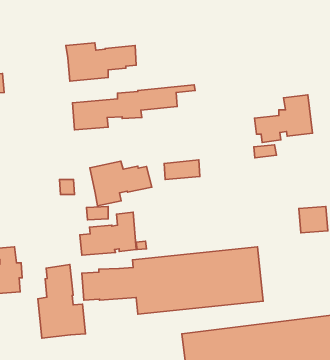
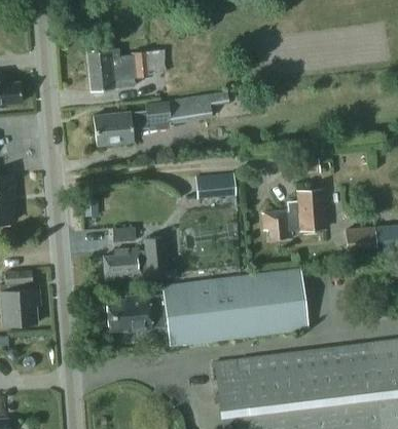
building: [255,95,313,143] -> [263,187,327,239]
building: [90,161,152,206] -> none
building: [38,264,86,338] -> none

